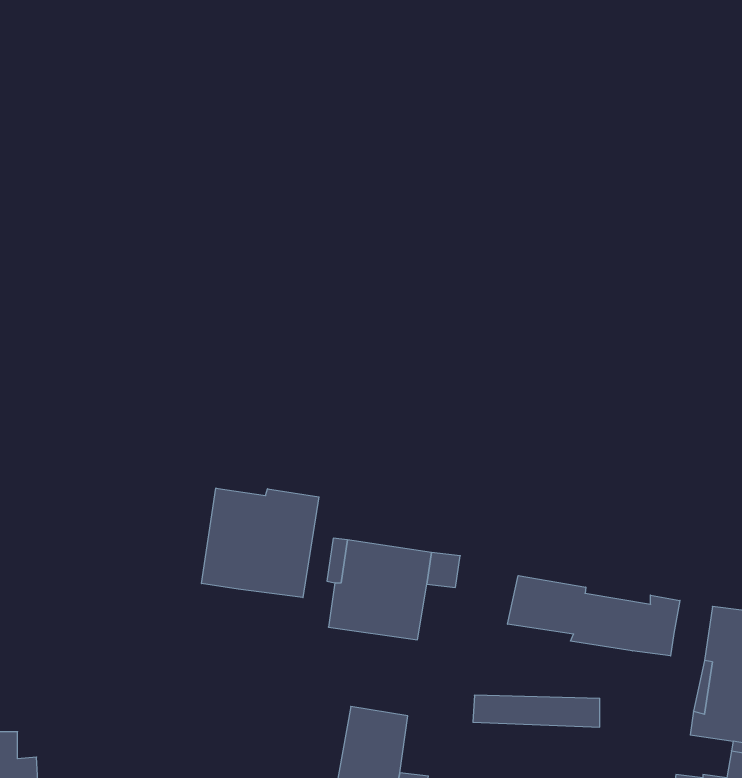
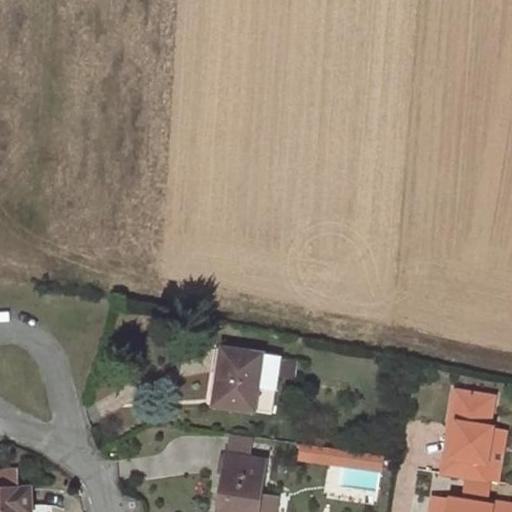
building: [202,488,319,598] -> none
building: [508,576,680,656] -> none

